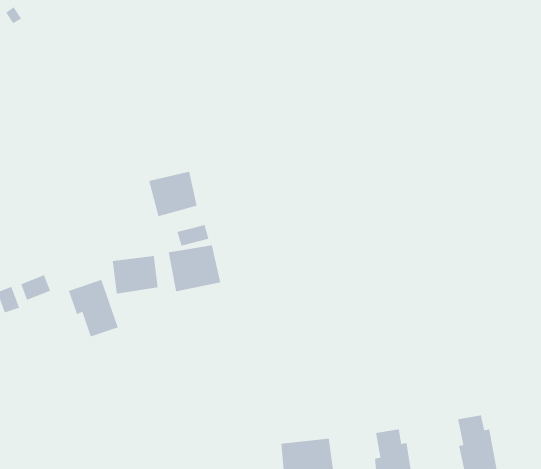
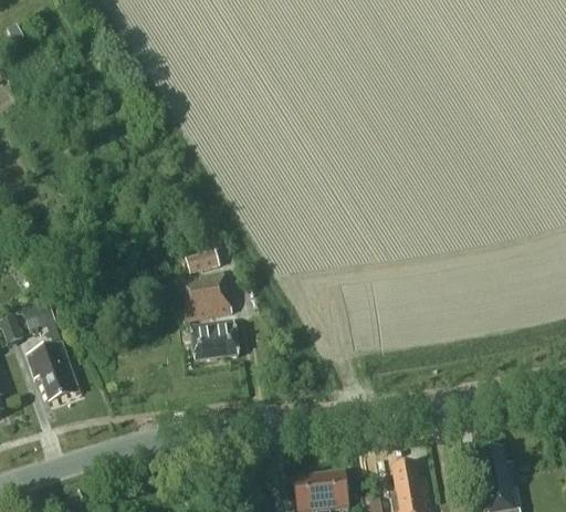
building: [148,171,198,217] -> none
building: [112,255,159,294] -> [190,320,239,361]
building: [68,279,119,337] -> [27,341,80,401]

